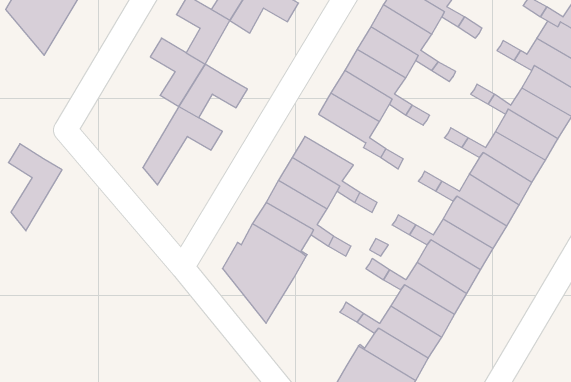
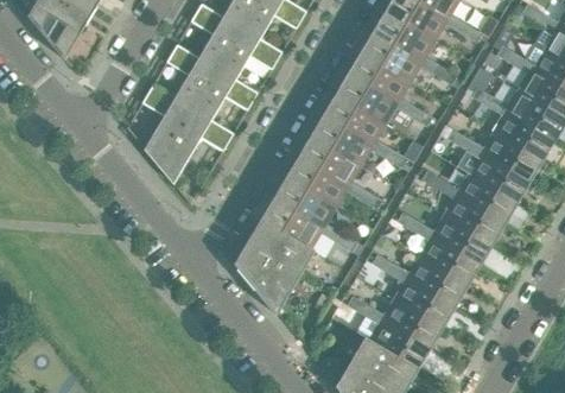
building: none -> [216,26,280,78]
building: none -> [311,115,369,164]
building: [8,144,62,231] -> [140,83,191,166]

